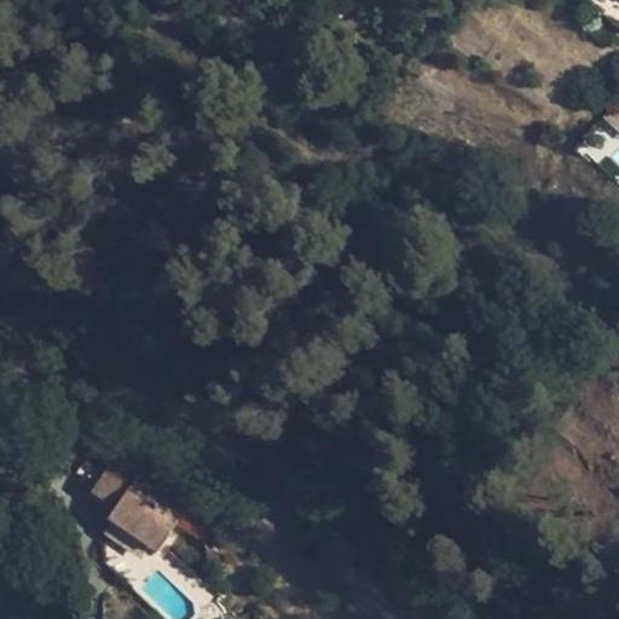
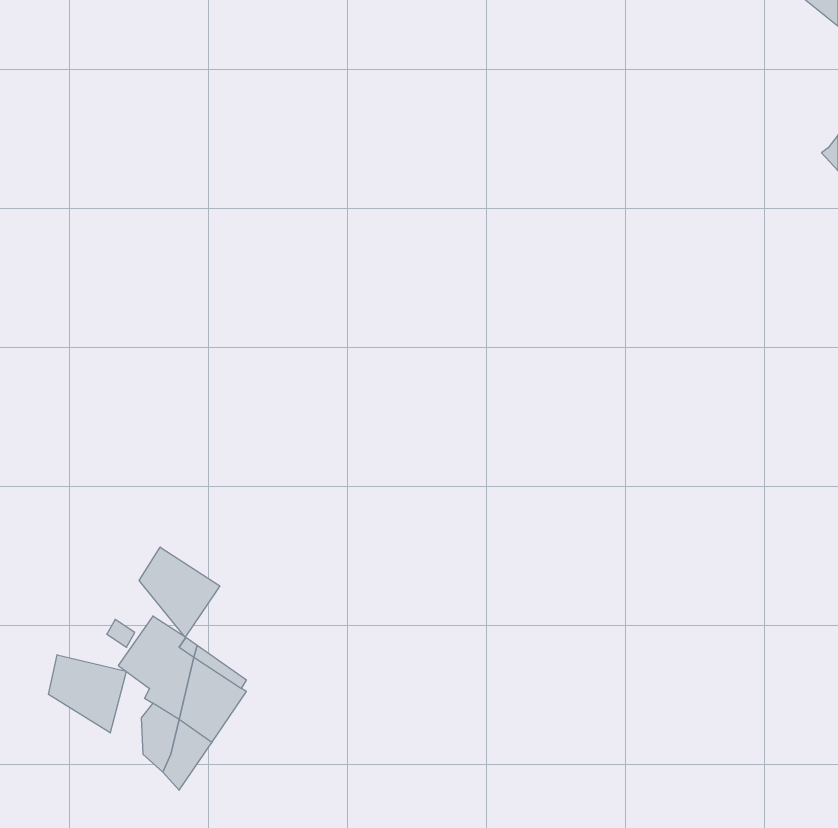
building: none -> [139,547,220,637]
building: none -> [48,655,126,733]

